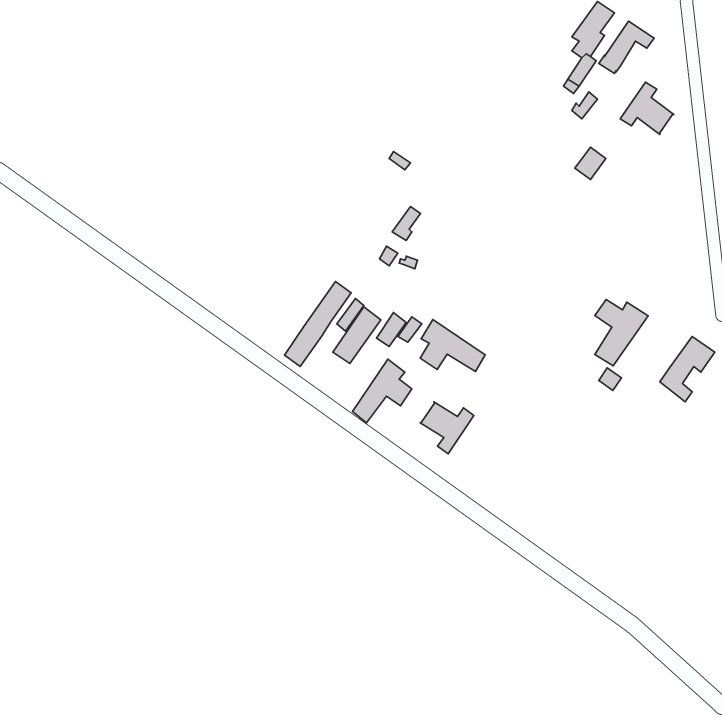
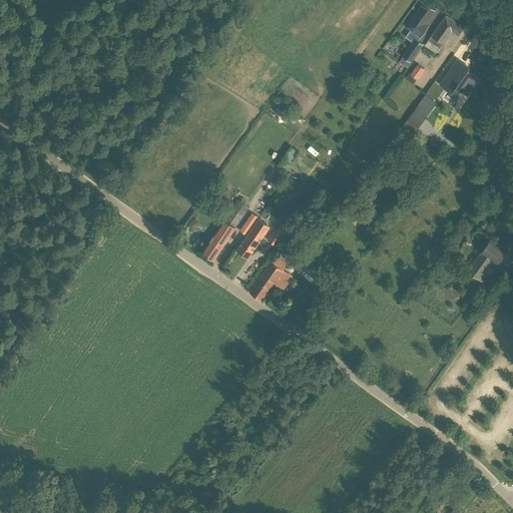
building: [595,299,648,366] -> none
building: [420,320,485,372] -> none
building: [420,402,474,454] -> none

